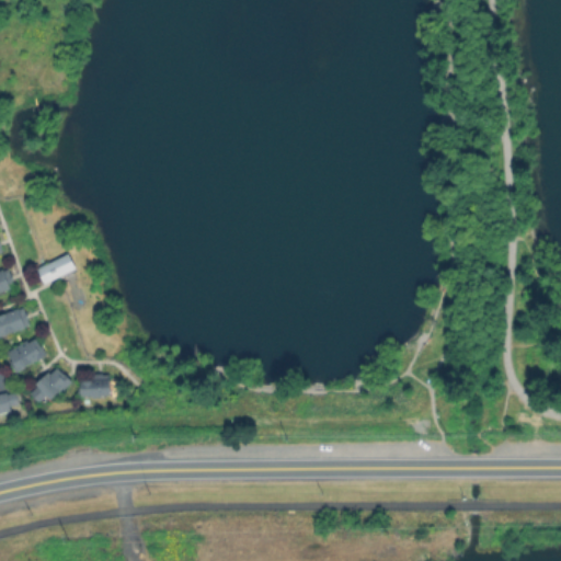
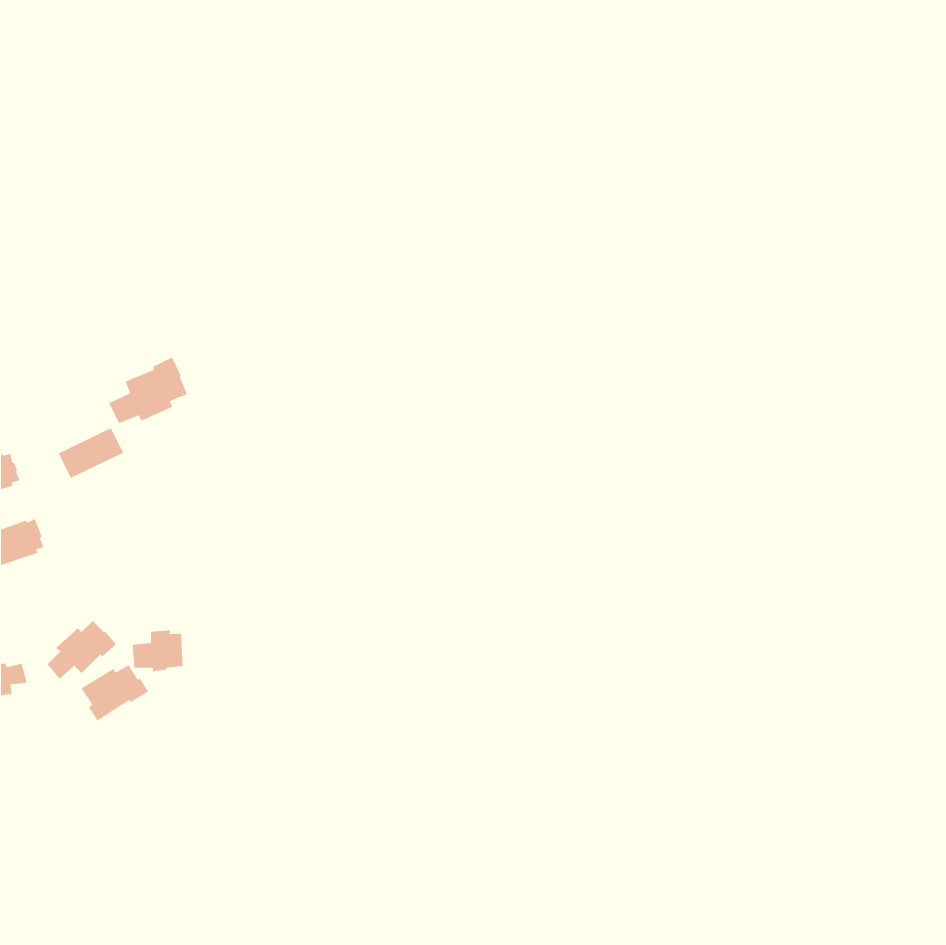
building: none -> [108,357,188,424]
building: [5,339,46,373] -> [81,664,149,722]

